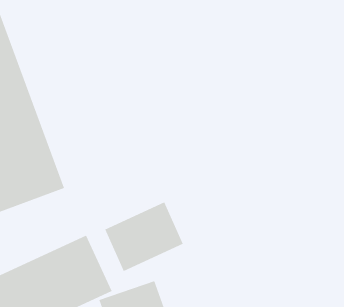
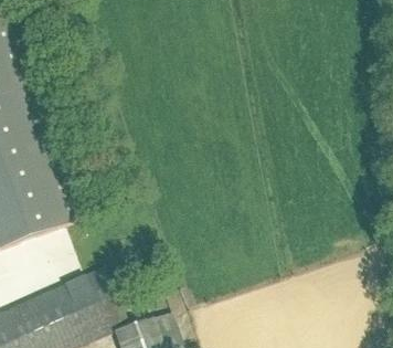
building: [104,201,184,272] -> none

